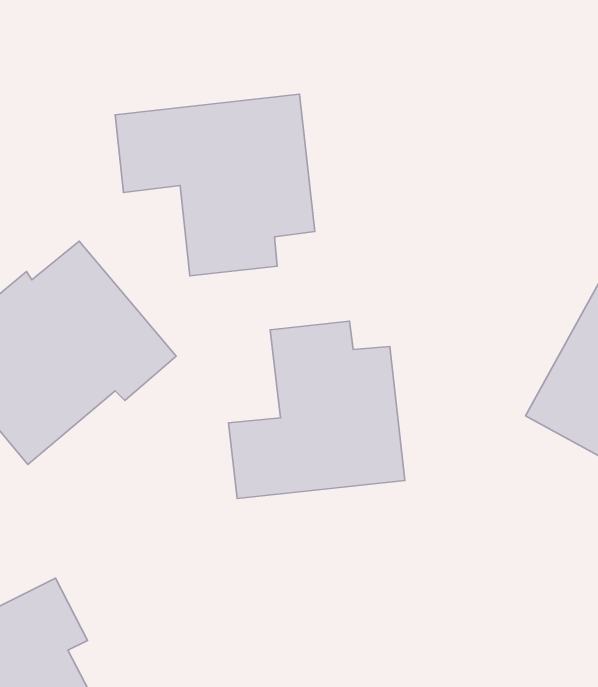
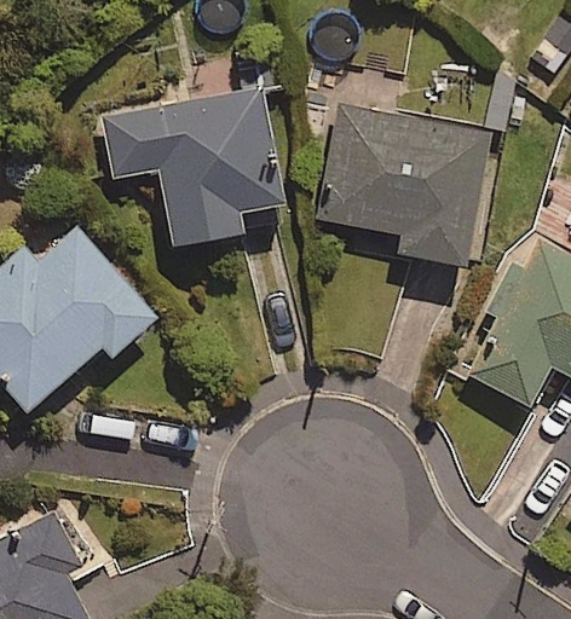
building: none -> [317,104,492,267]
building: [229,321,405,499] -> none

